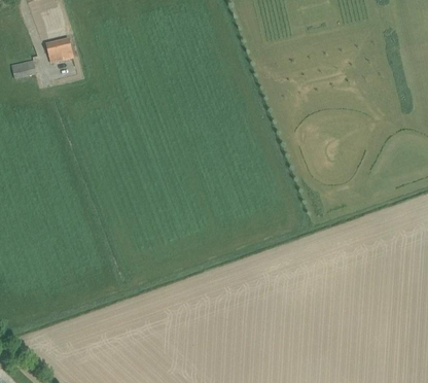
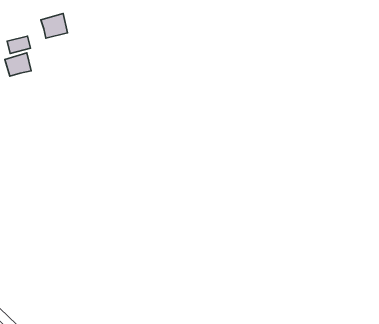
building: none -> [5,53,31,76]

